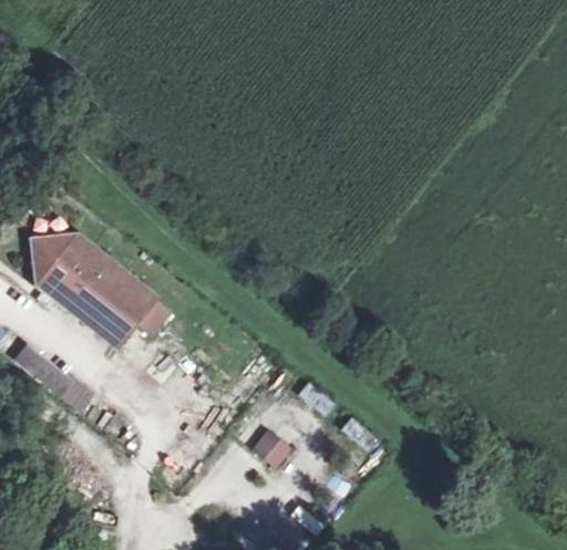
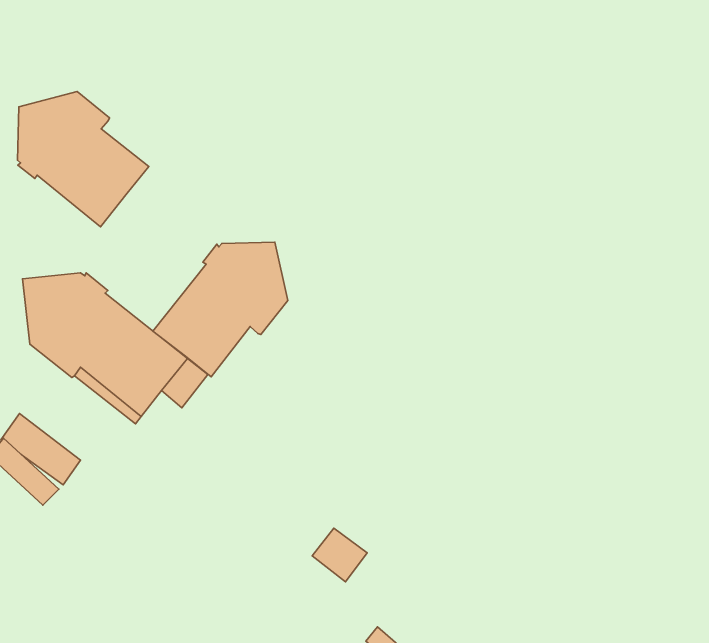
building: none -> [18,92,149,227]
building: none -> [153,242,288,377]

